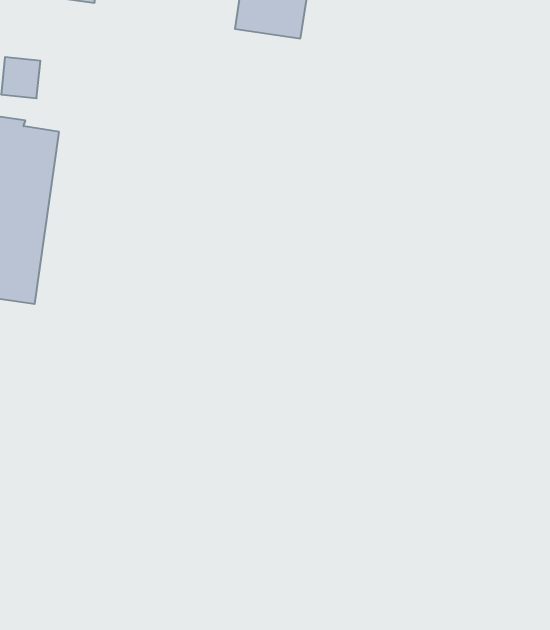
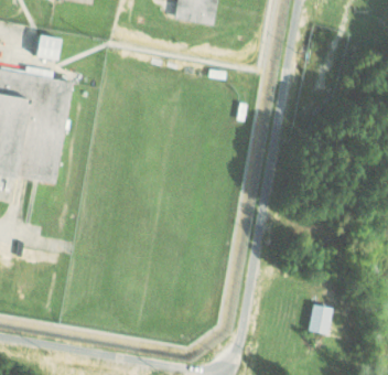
building: none -> [308,303,333,333]

